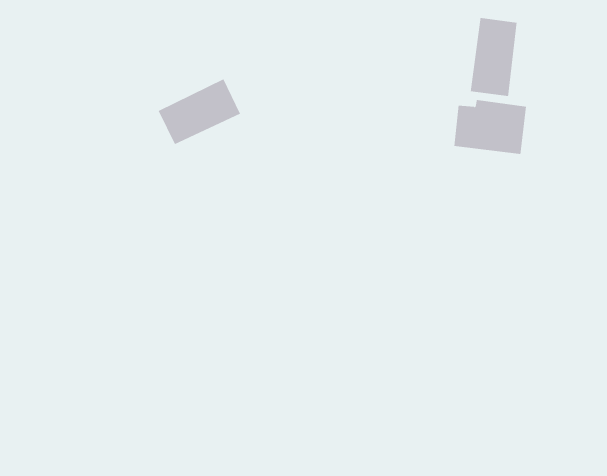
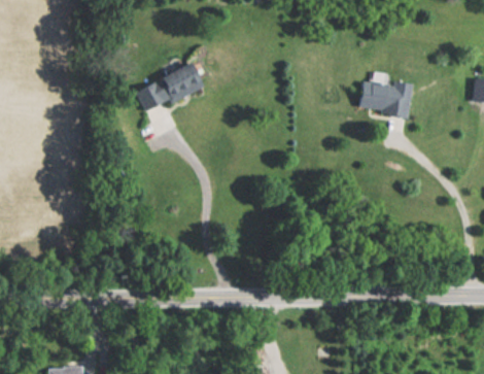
building: [470,17,517,97] -> none

